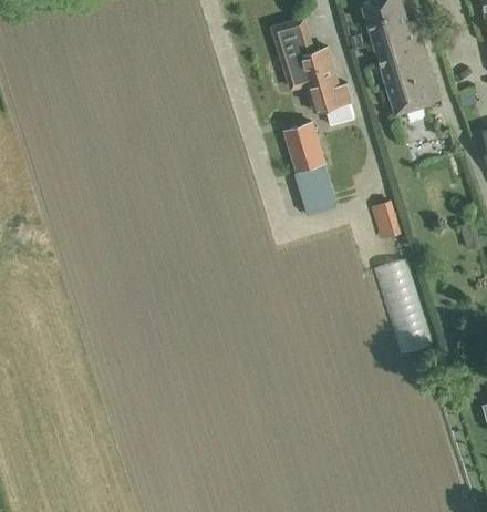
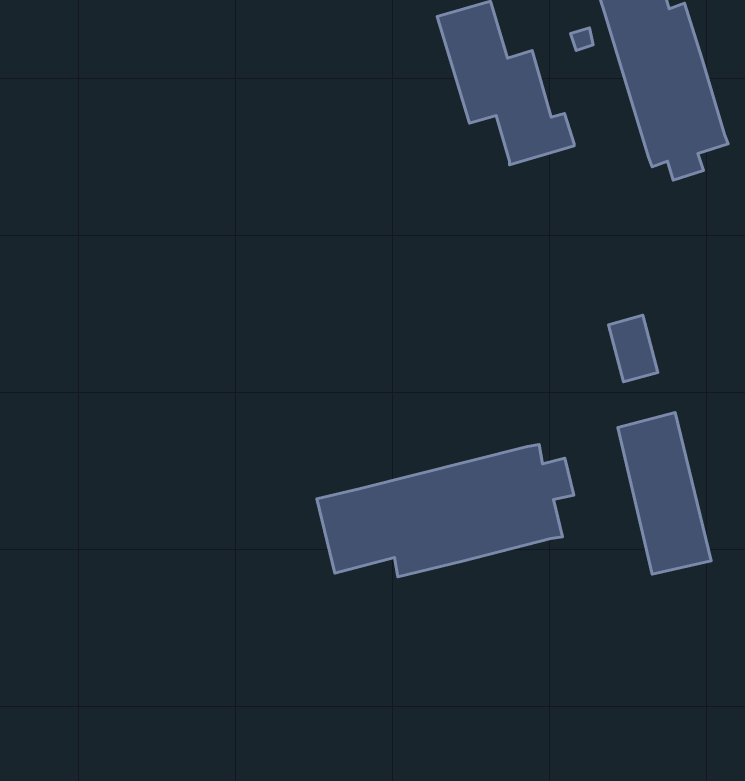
building: [279,121,332,202] -> none
building: none -> [317,445,574,577]

